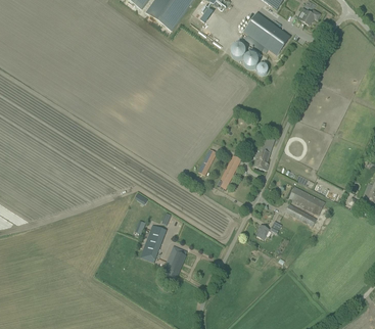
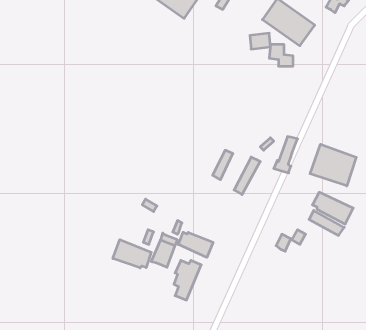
building: none -> [310,144,356,186]
building: none -> [178,232,213,257]
building: none -> [113,240,151,268]

